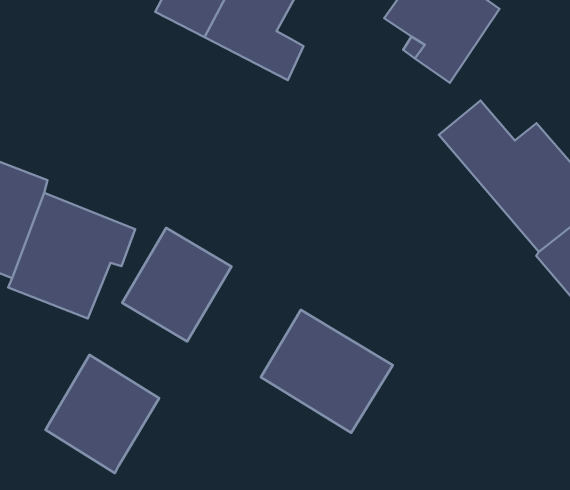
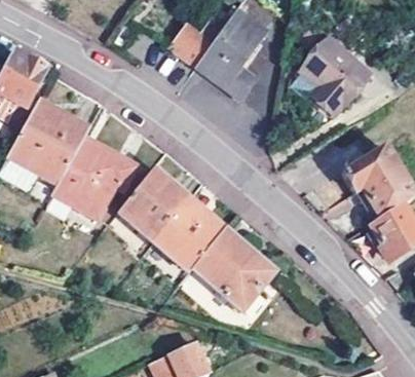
building: [46,355,159,473] -> [156,200,226,272]

